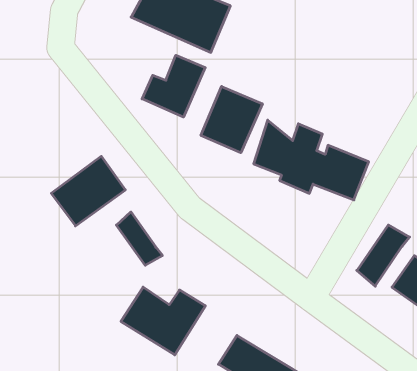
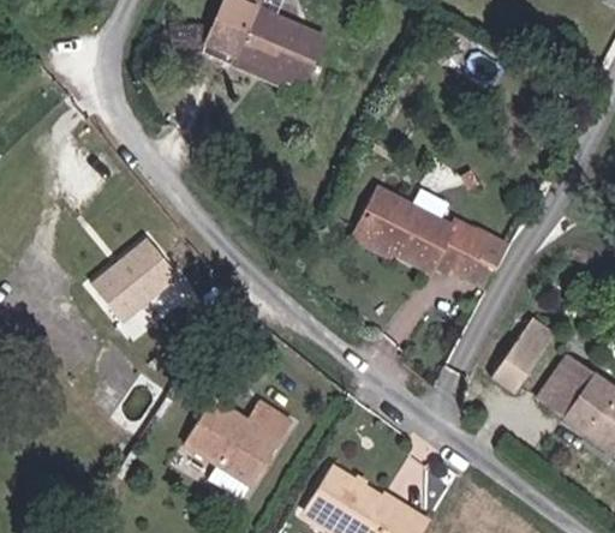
building: [142,55,205,117] -> none
building: [201,86,262,153] -> none
building: [116,212,162,265] -> none

